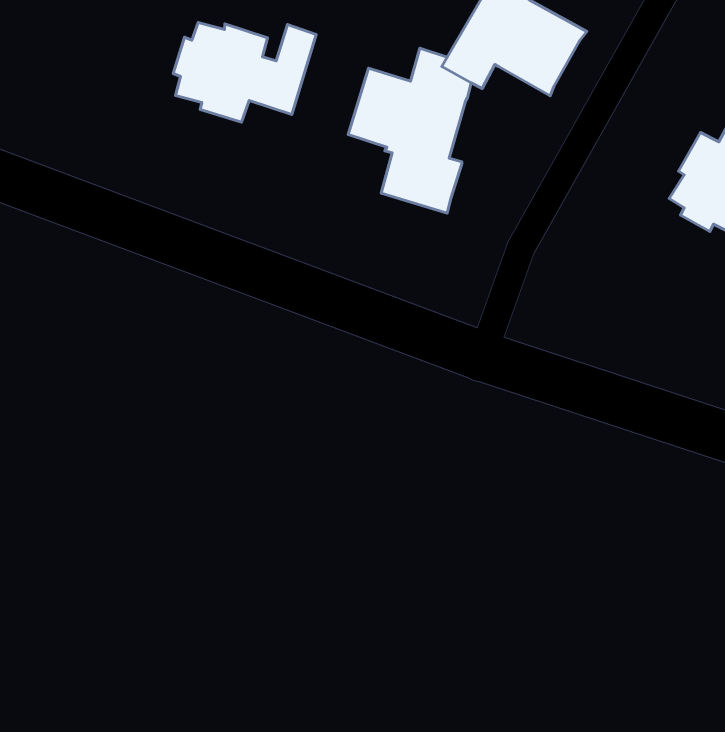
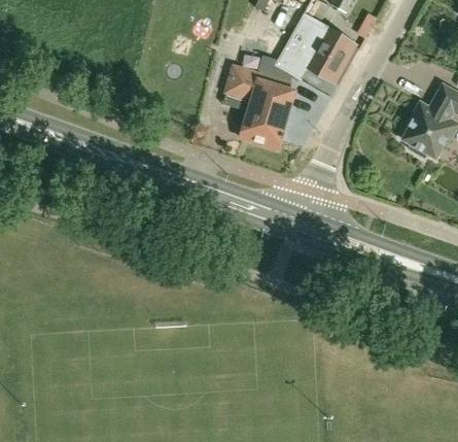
building: [173,23,316,122] -> none

